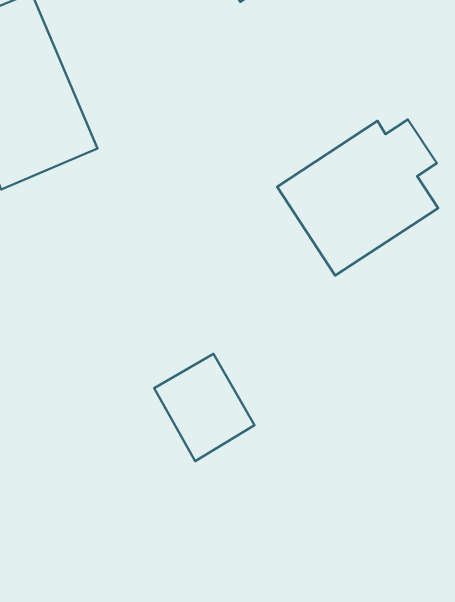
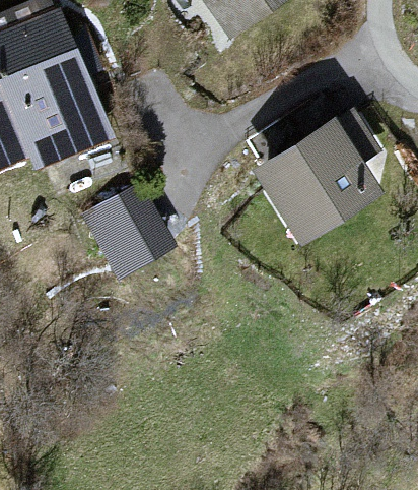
building: [154,354,254,461] -> [91,194,168,277]

